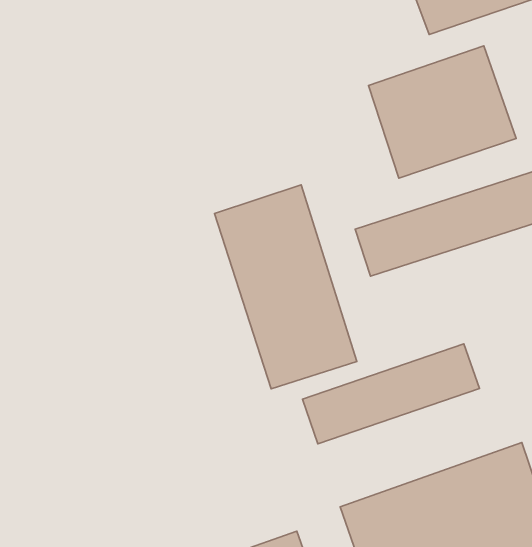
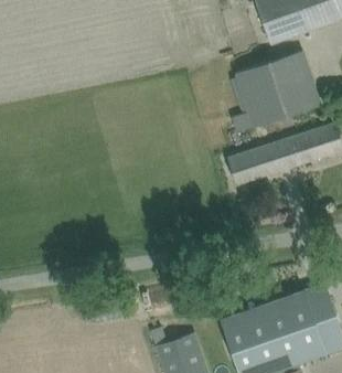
building: [215,185,357,389] -> none
building: [302,344,479,444] -> none

